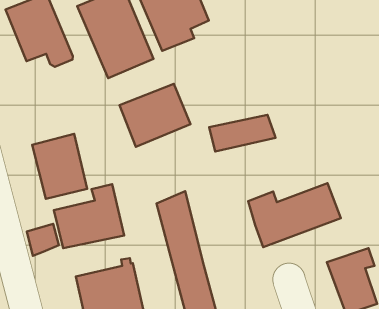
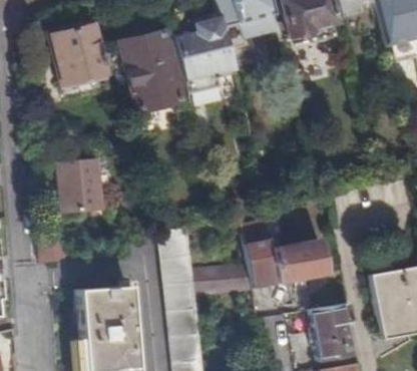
building: [119,84,191,147] -> none
building: [209,115,275,152] -> [193,268,253,294]
building: [54,184,124,248] -> none

